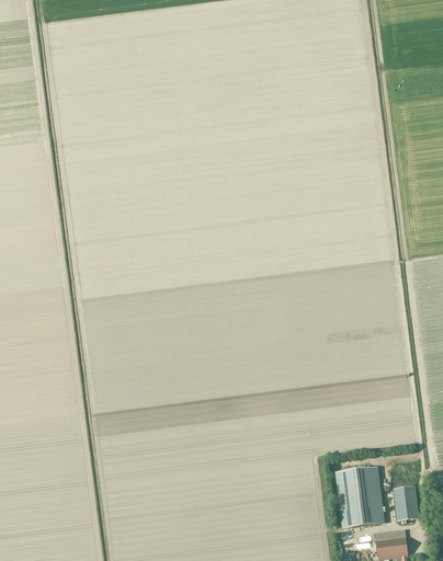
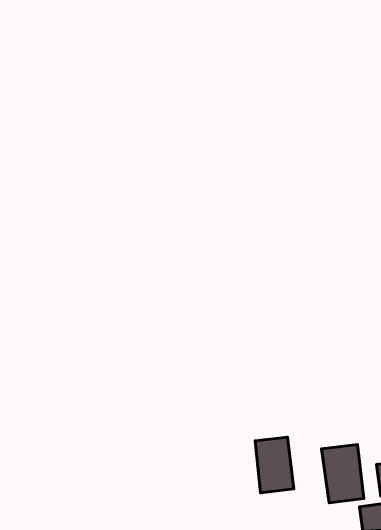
building: none -> [255,437,294,493]

